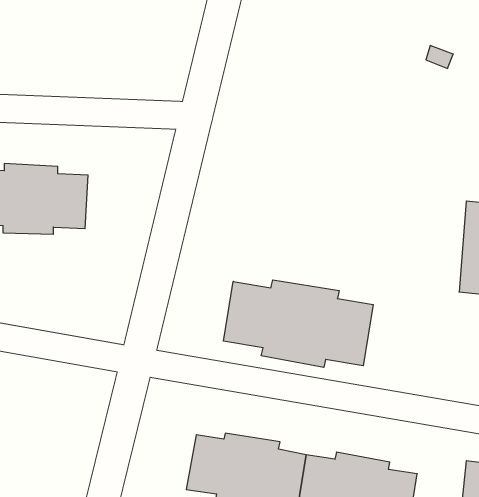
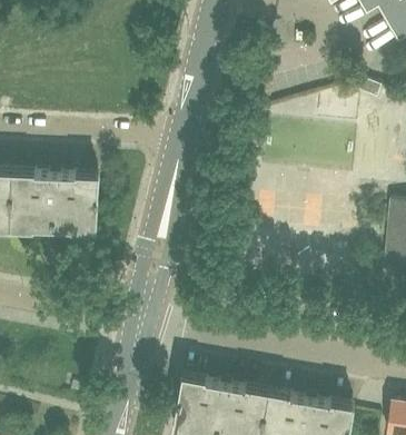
building: [224,280,373,367] -> none

